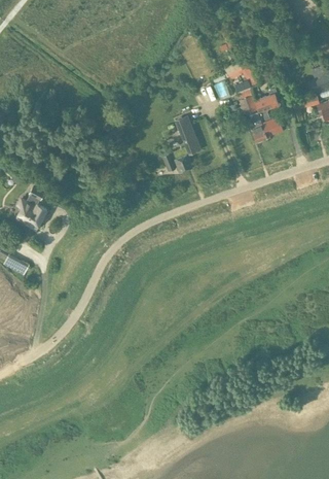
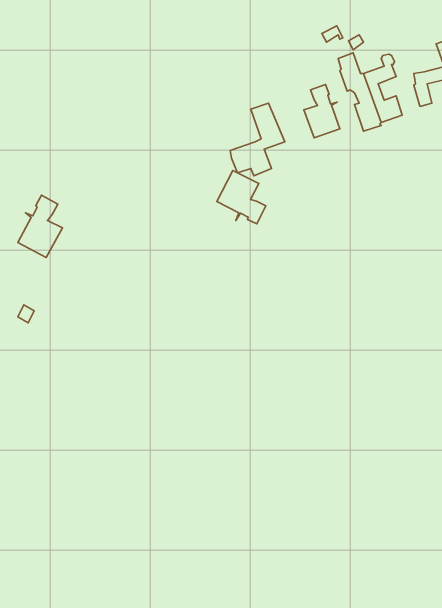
building: none -> [304,84,340,138]
building: none -> [217,171,266,224]

